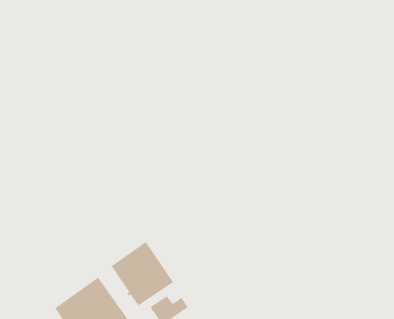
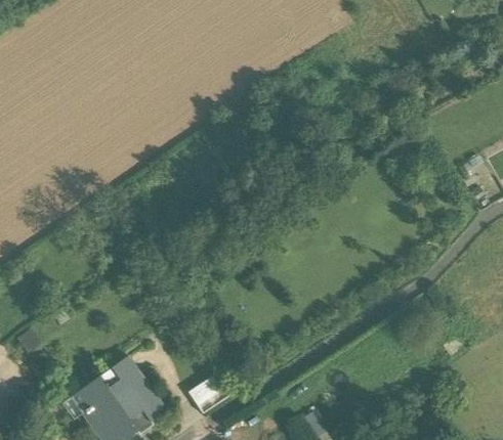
building: [111,241,174,306] -> none

